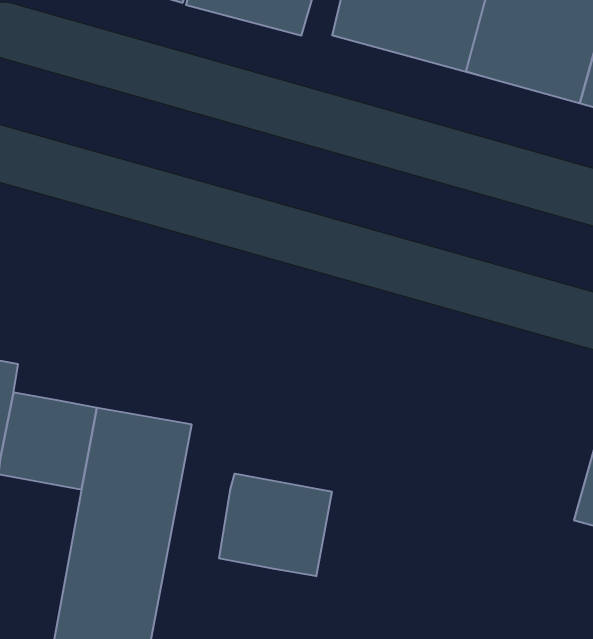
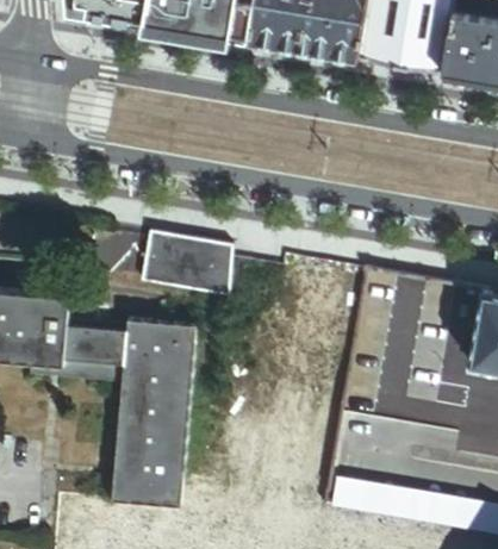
building: none -> [139,235,231,299]
building: [219,474,332,576] -> none

